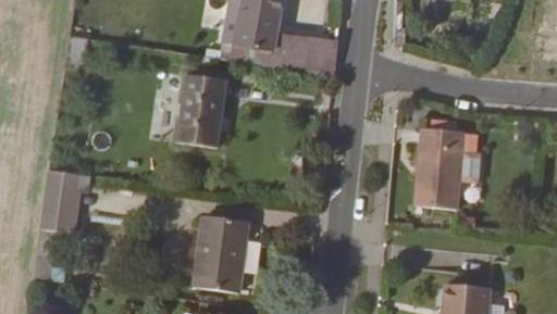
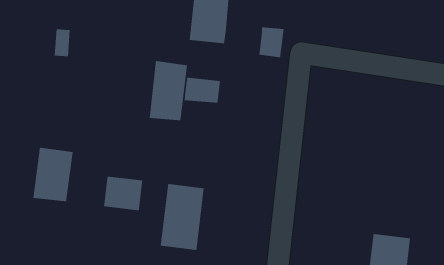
building: [269,37,312,67] -> [184,77,221,103]
building: [412,121,463,203] -> none
building: none -> [103,176,143,211]

